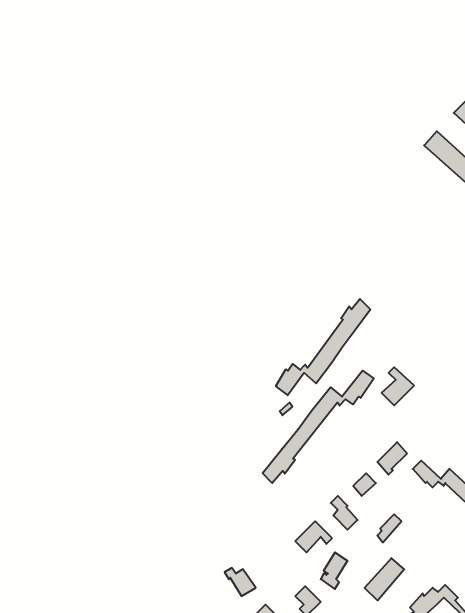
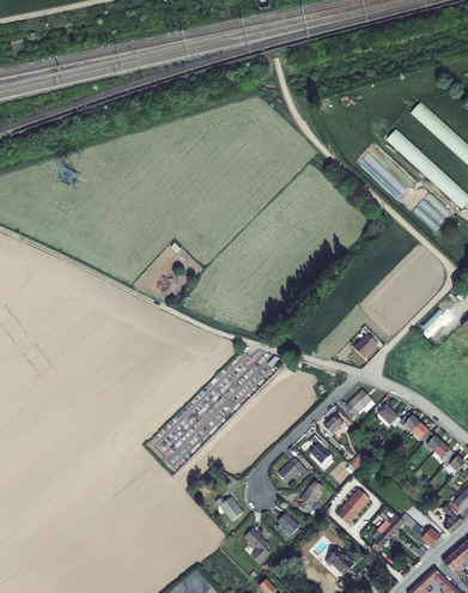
building: [276,299,370,395] -> none
building: [263,371,374,483] -> none

